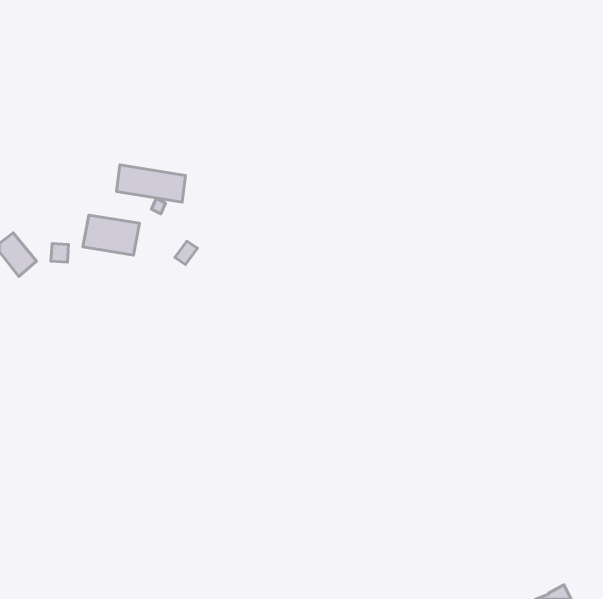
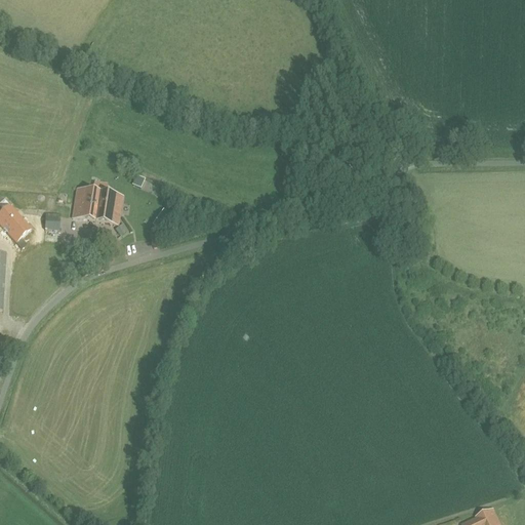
building: [117,165,185,202] -> none

